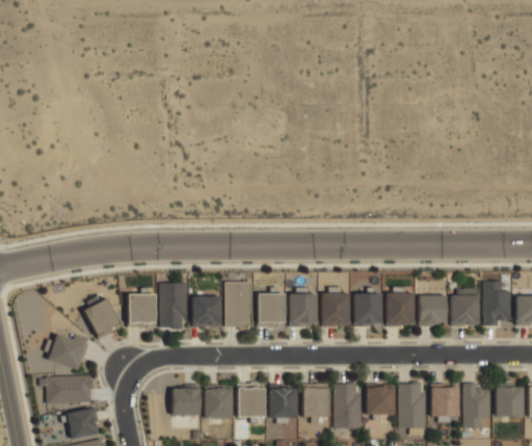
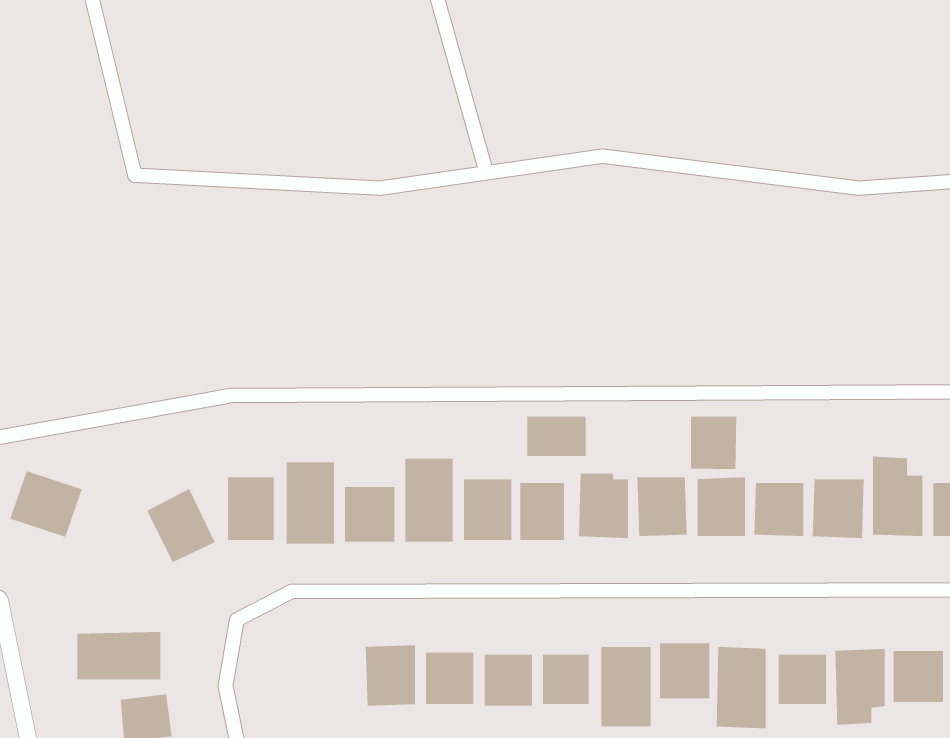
building: none -> [690,416,737,470]
building: none -> [527,416,586,457]
building: [48,333,88,370] -> [9,470,83,538]
building: [171,390,198,416] -> none

